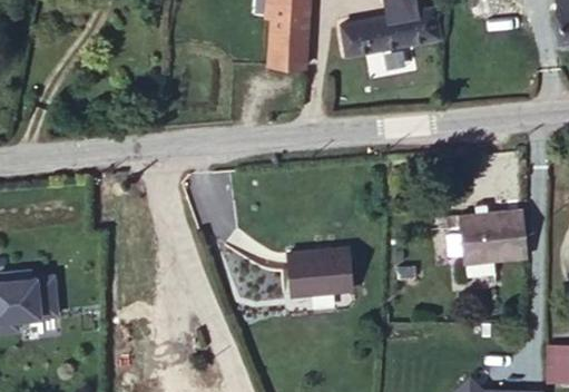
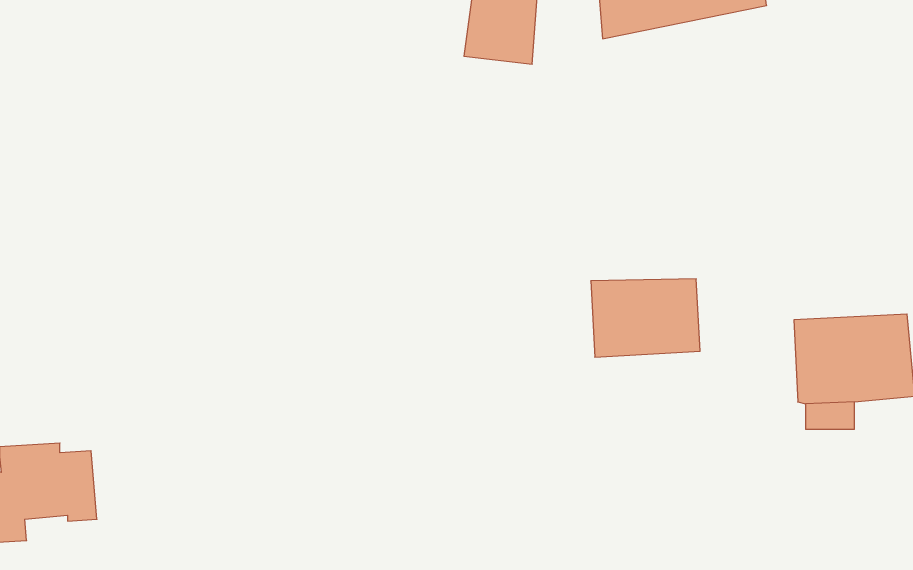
building: [287,243,350,287] -> [591,279,700,357]

